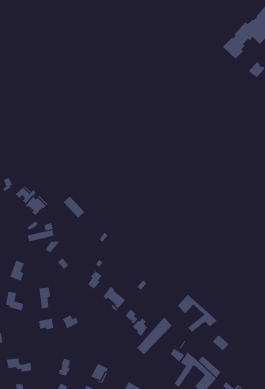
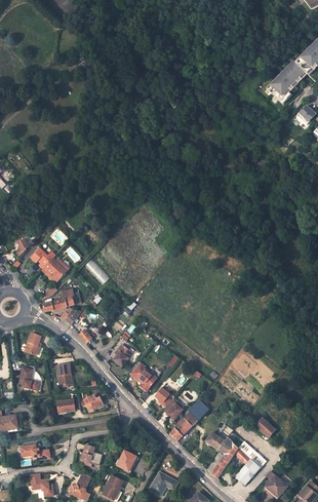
building: [177,294,218,333] -> none

